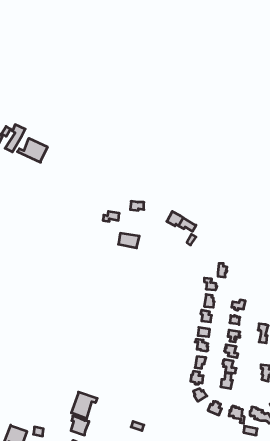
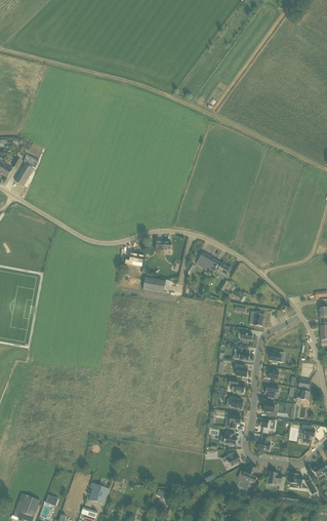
building: [17,138,47,162] -> none
building: [71,392,97,419] -> none

